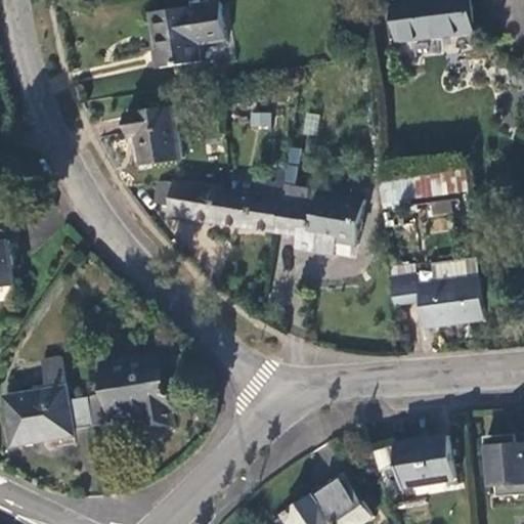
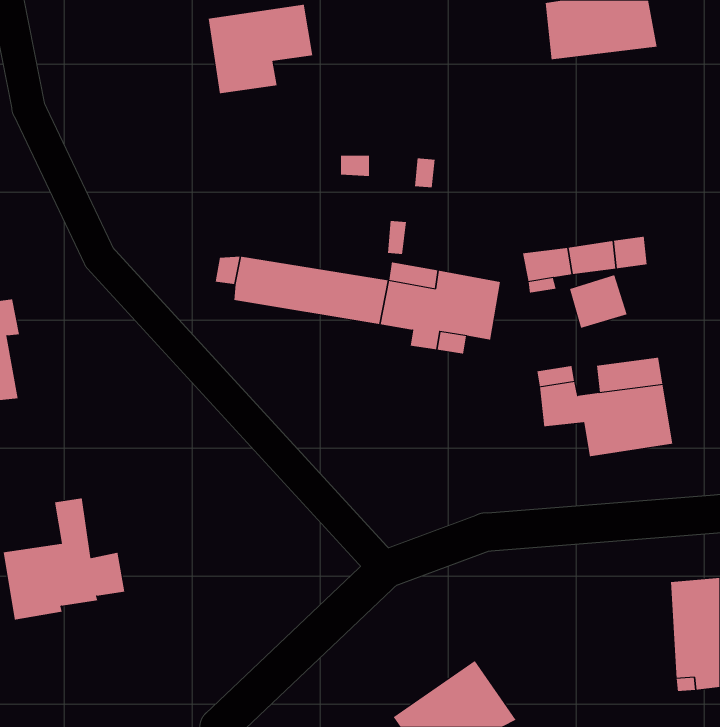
building: [123,111,179,165] -> none
building: [85,355,170,430] -> none
building: [395,438,454,489] -> none

